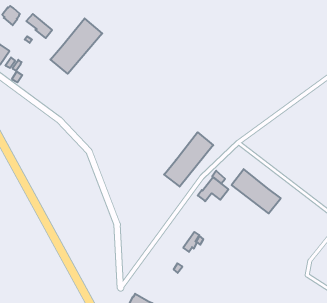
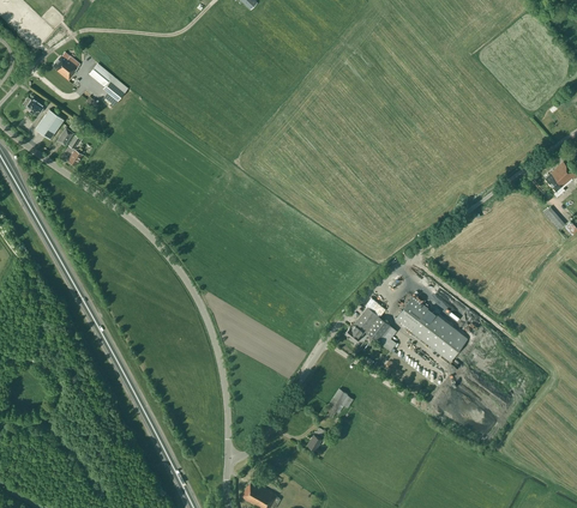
building: [50,18,102,74] -> none
building: [164,132,213,187] -> none

